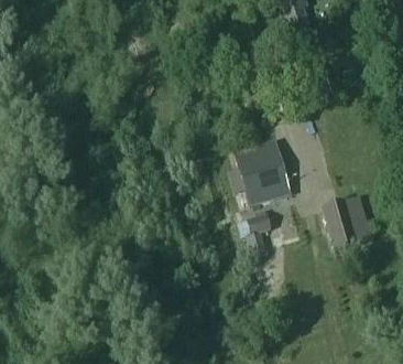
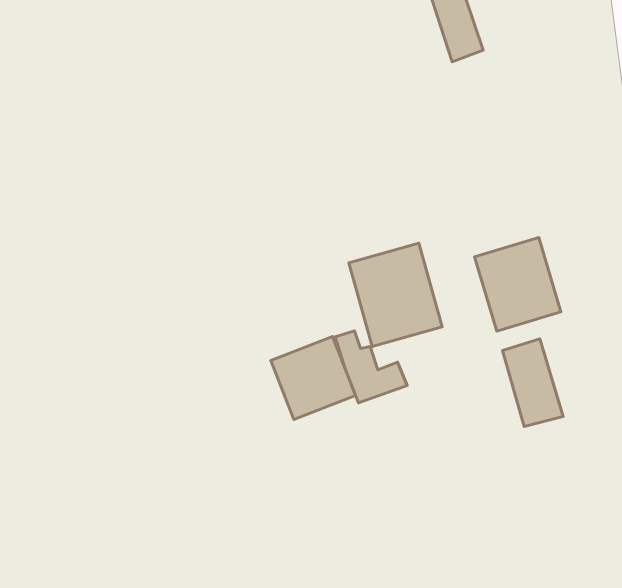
building: none -> [474,237,561,331]
building: none -> [271,336,356,420]

